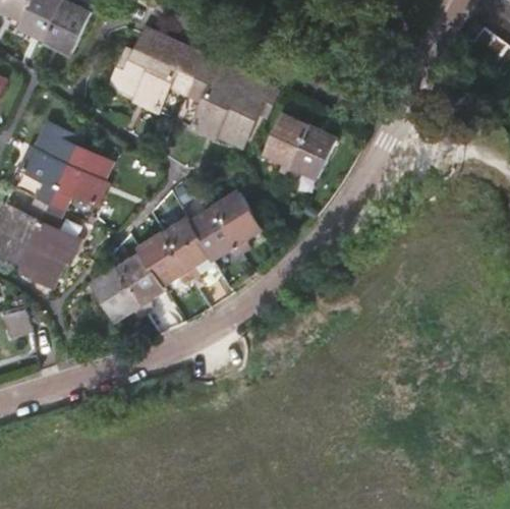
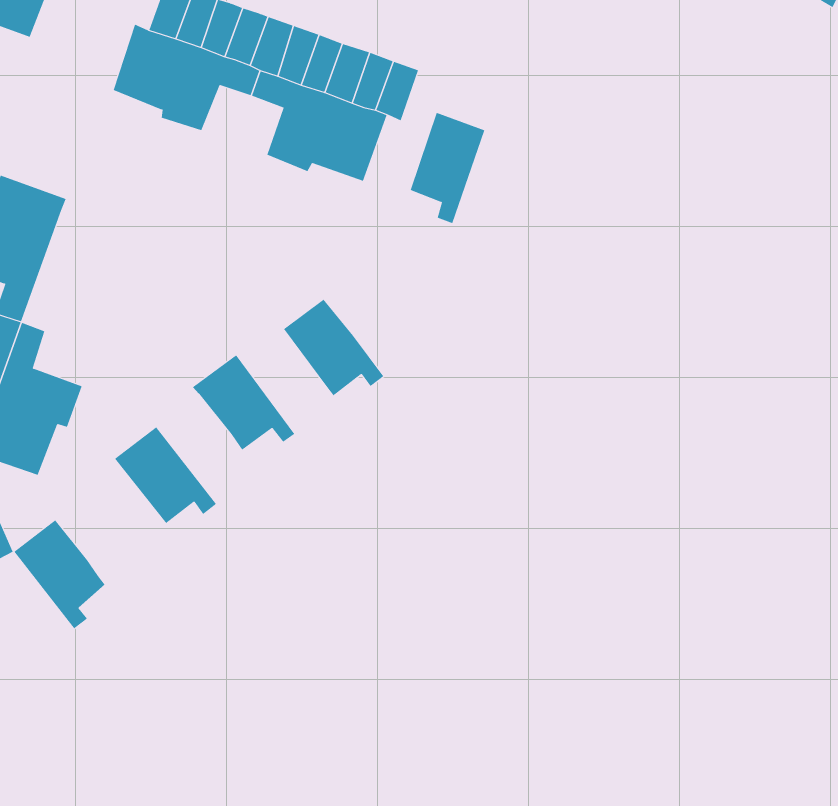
building: [286,125,335,178] -> none
building: [49,147,109,211] -> none
building: [213,192,261,252] -> none
building: [163,218,210,279] -> none
building: [116,252,164,313] -> [13,519,105,629]

